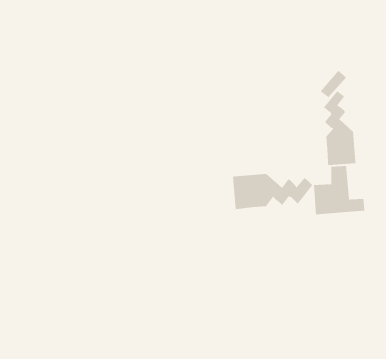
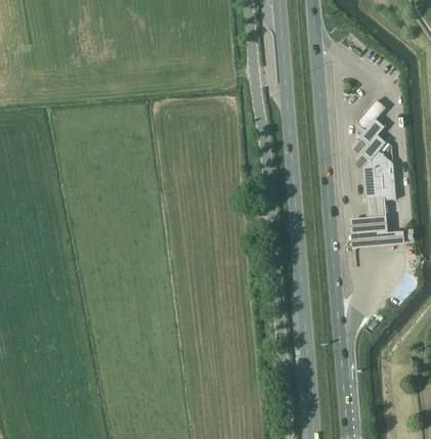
building: [230,173,313,210] -> none

